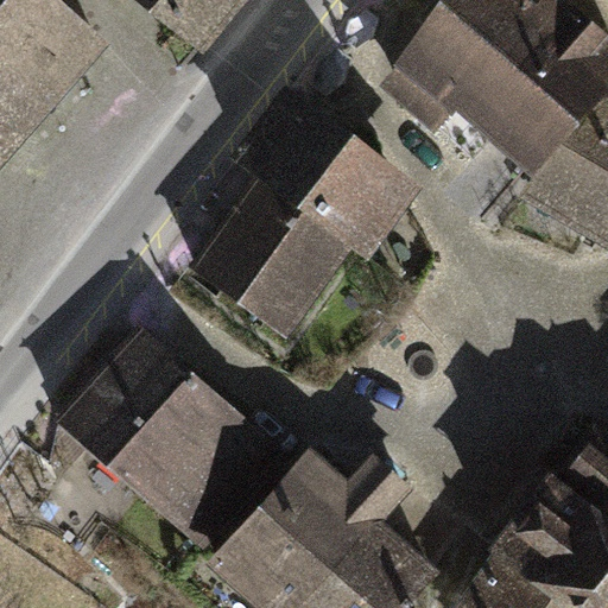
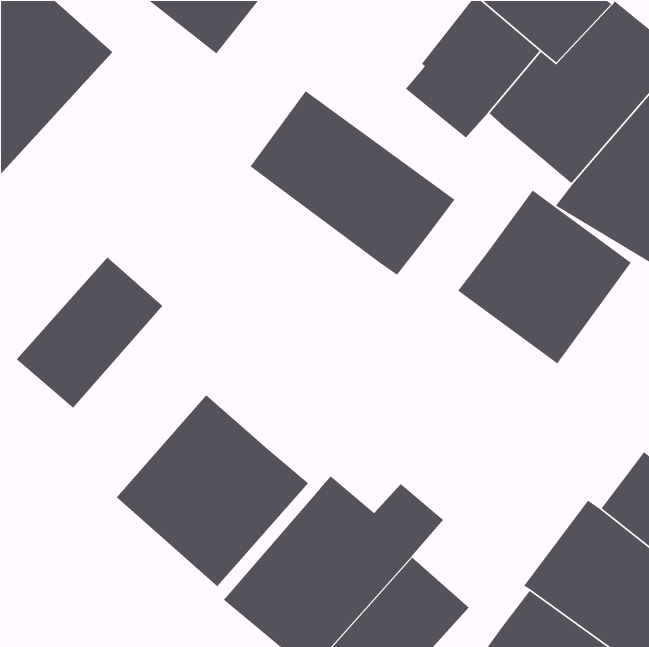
building: [190,176,355,338] -> none
building: none -> [457,190,632,364]
building: [56,324,194,467] -> [16,256,163,409]

